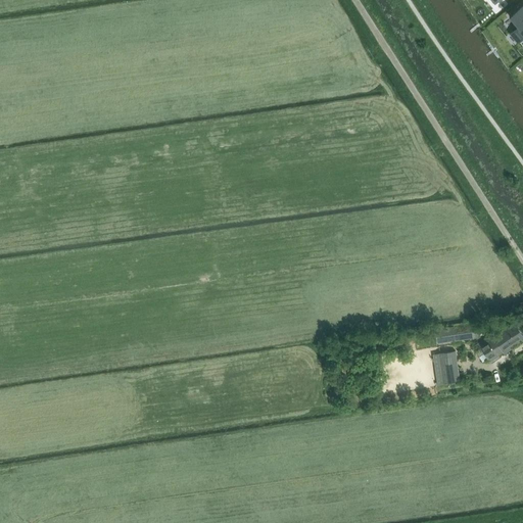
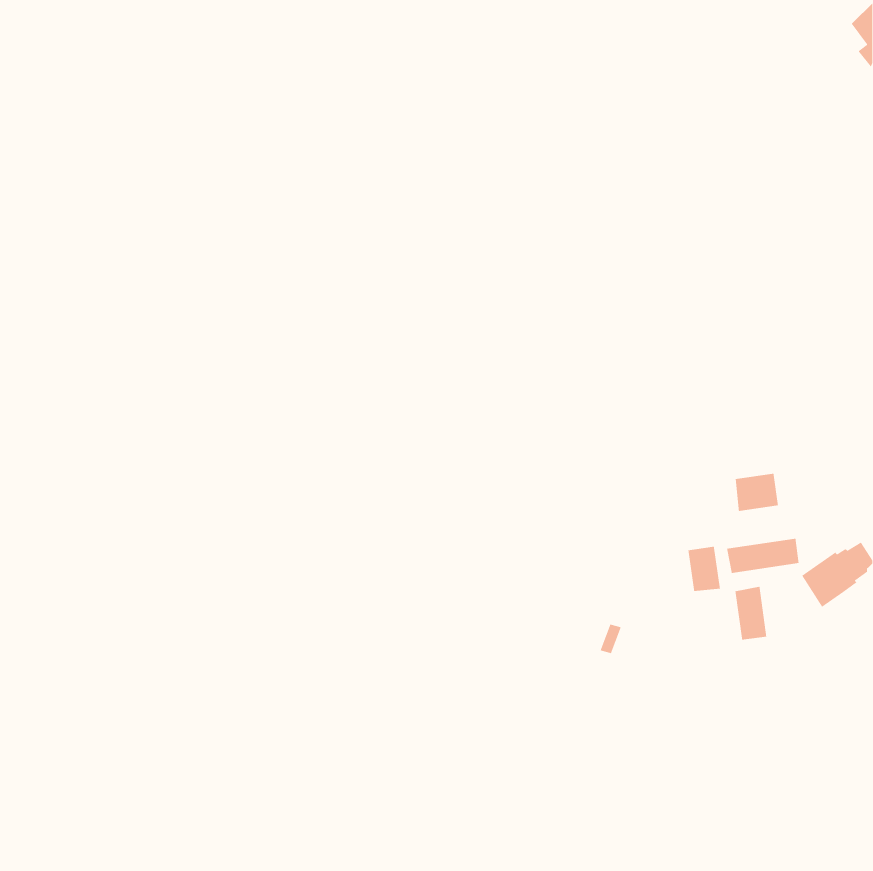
building: none -> [735,473,779,512]
building: none -> [688,546,721,592]

